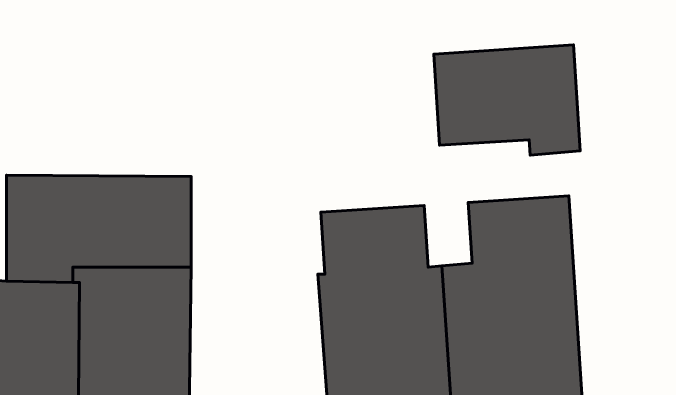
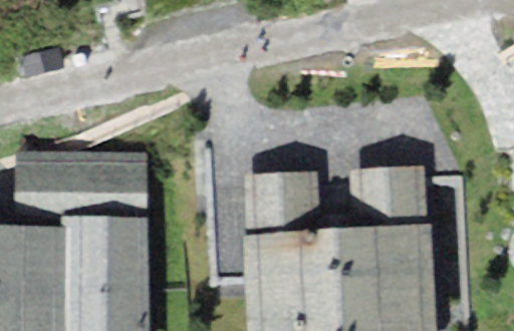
building: [434,45,580,155] -> none

